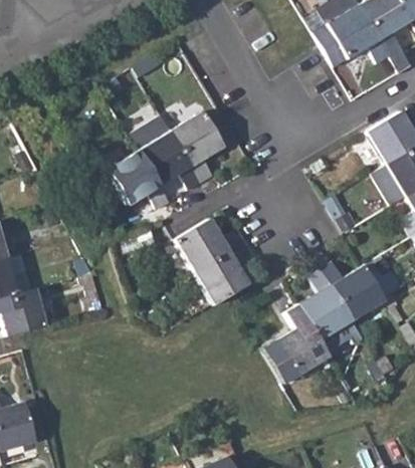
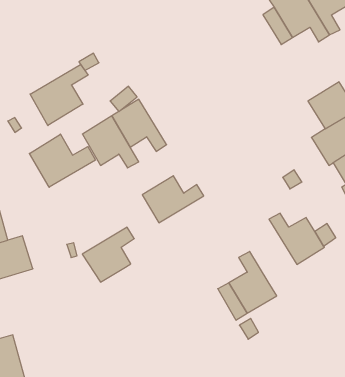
building: none -> [30,64,88,126]
building: [171,108,225,194] -> none
building: none -> [29,134,95,187]
building: [194,240,254,303] -> [82,227,134,282]
building: [299,267,354,339] -> none

